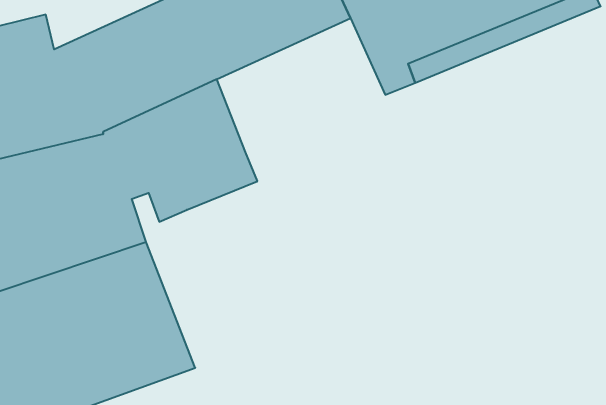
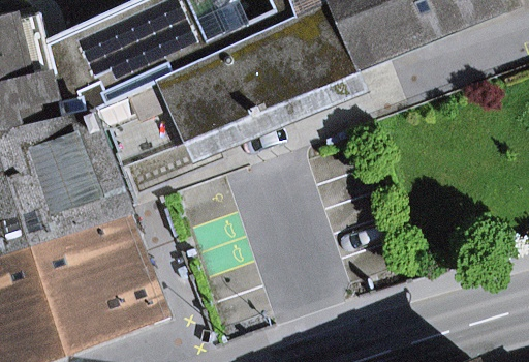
building: none -> [188,17,334,132]

